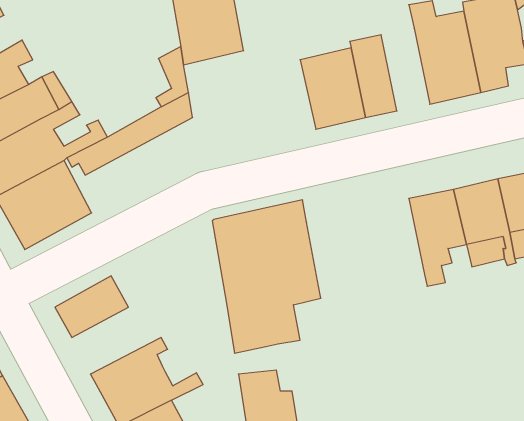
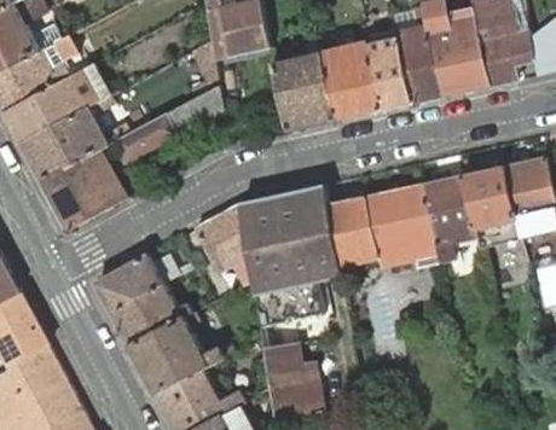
building: none -> [396,27,441,103]
building: none -> [273,37,336,130]
building: none -> [328,184,436,266]
building: none -> [193,204,254,286]
building: none -> [111,284,191,345]

